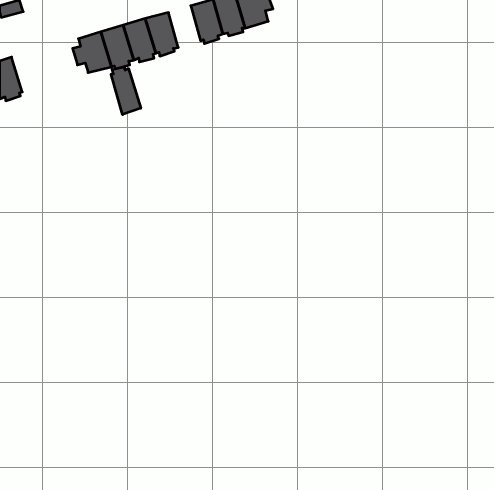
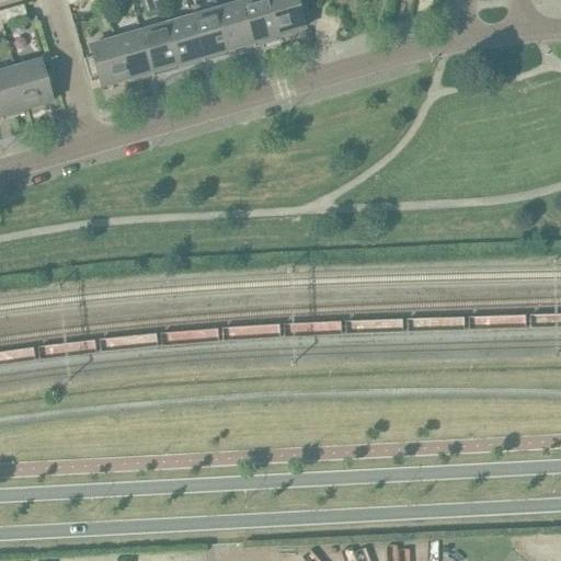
building: none -> [191,7,227,56]
building: none -> [13,57,56,104]
building: [111,67,141,115] -> none

